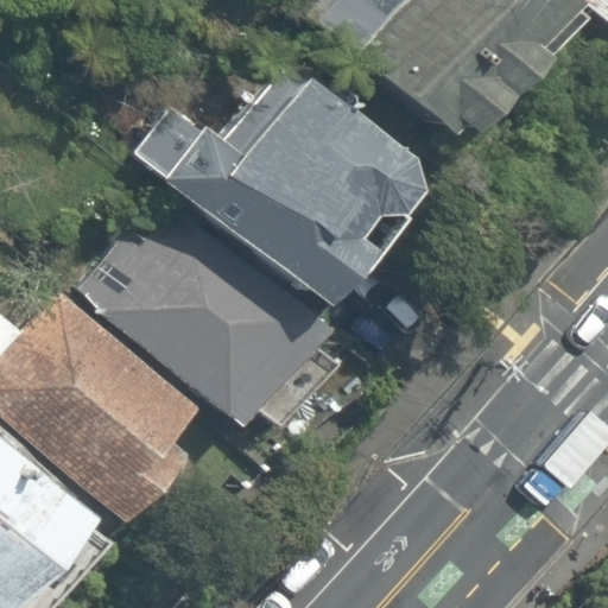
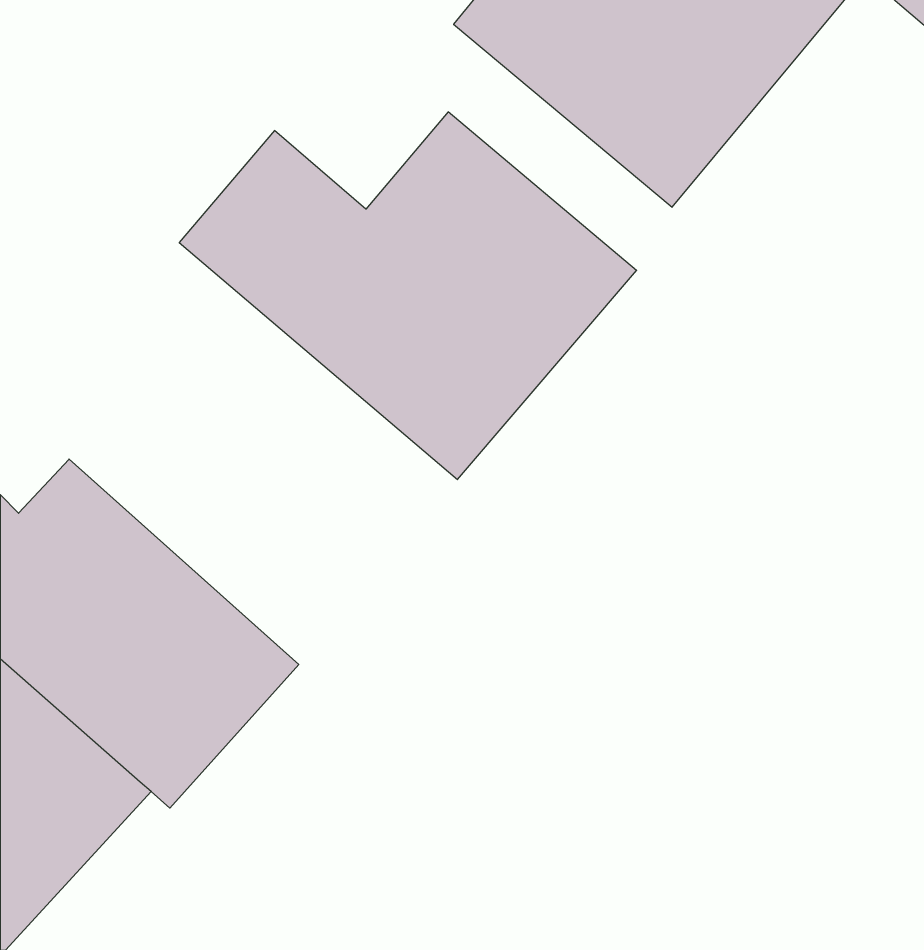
building: [100,209,325,429] -> none

